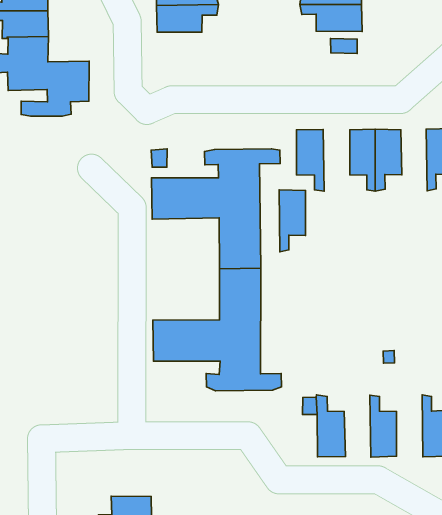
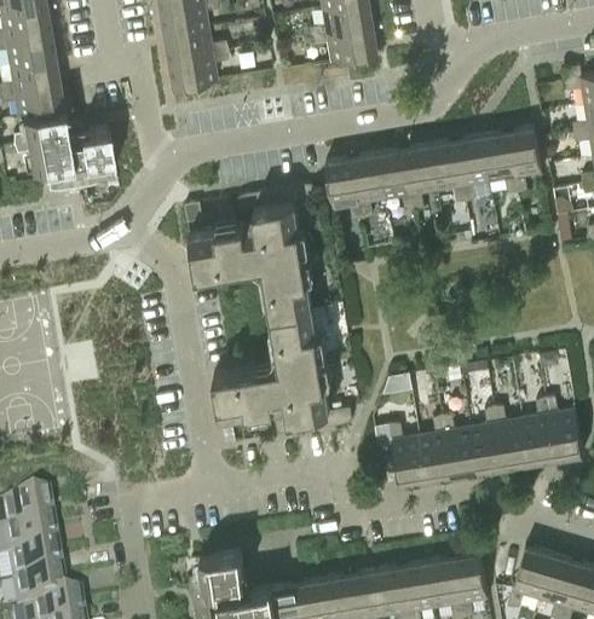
building: none -> [429,141,466,203]
building: [279,190,306,252] -> [352,155,386,220]
building: none -> [471,407,504,473]
building: none -> [419,416,452,481]

